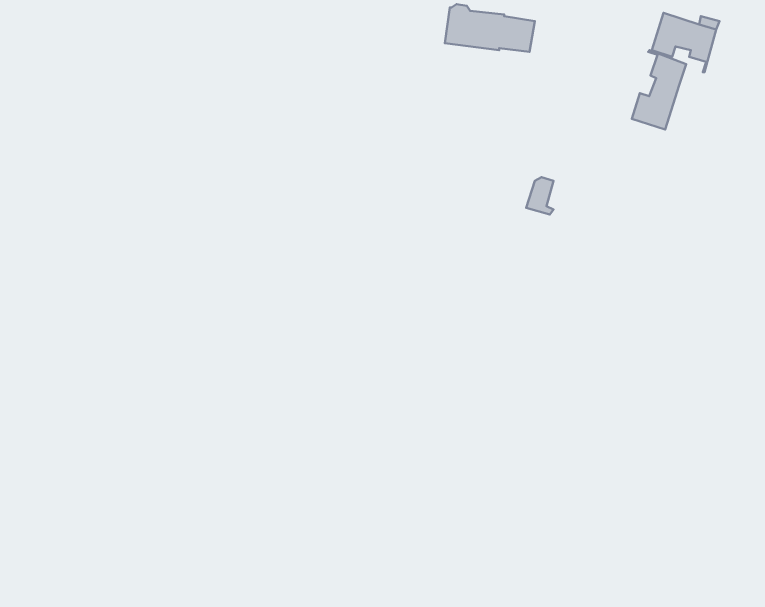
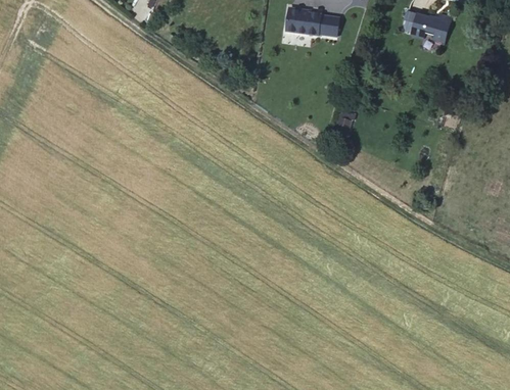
building: [632,50,686,130] -> none

